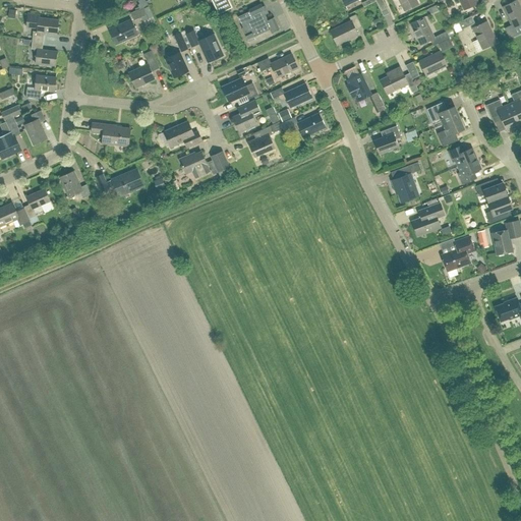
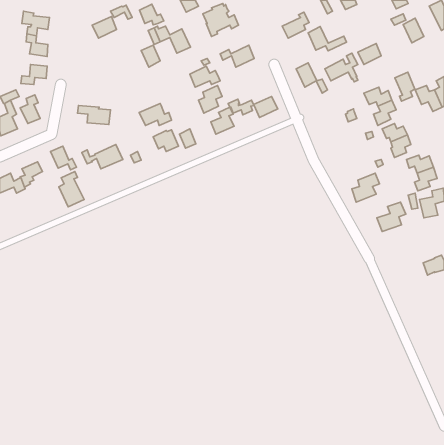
building: none -> [140,4,164,25]
building: [409,17,454,46] -> [308,27,346,51]
building: [128,50,159,88] -> none
building: [270,83,310,108] -> none
building: none -> [395,72,415,101]
building: [373,126,400,154] -> none
building: [391,162,420,201] -> none
building: none -> [59,172,84,207]

